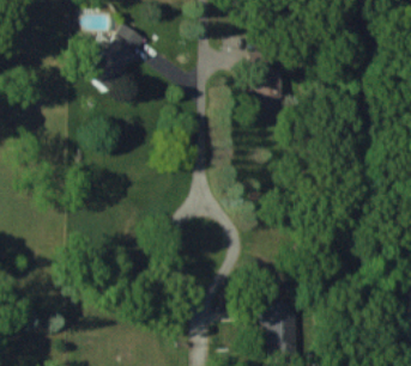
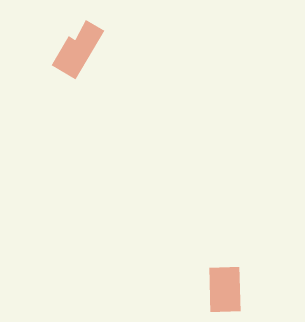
building: [256,69,284,108] -> none

